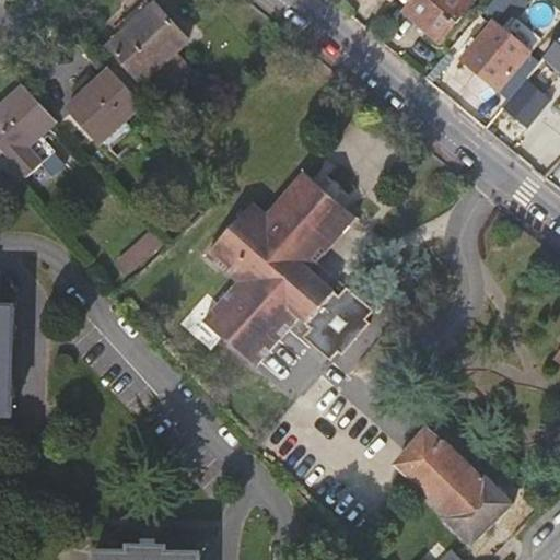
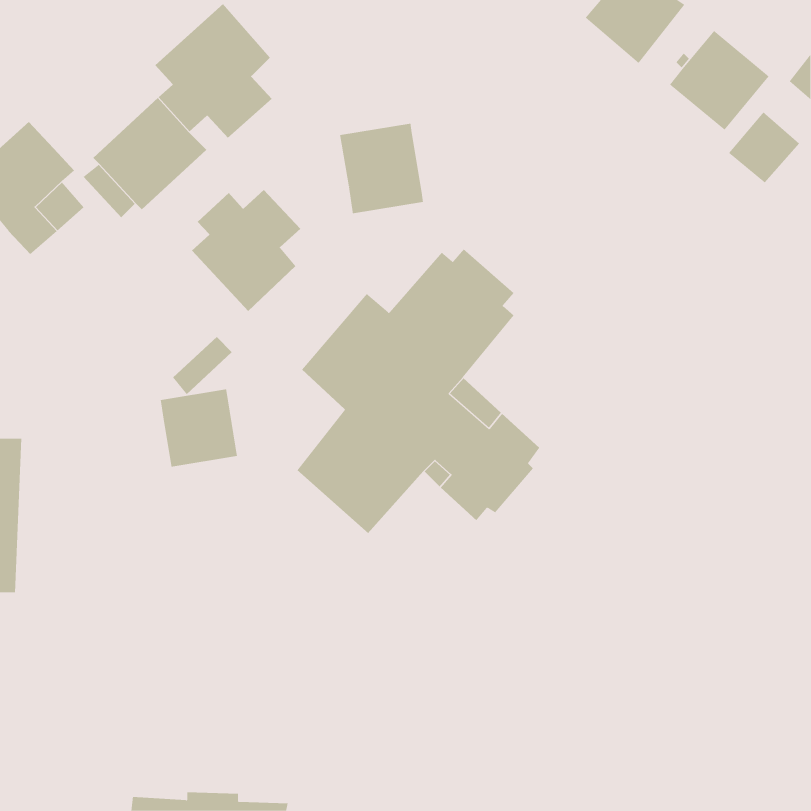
building: none -> [340,123,424,214]
building: none -> [191,189,301,312]
building: none -> [160,389,238,467]
building: [394,429,512,548] -> none

